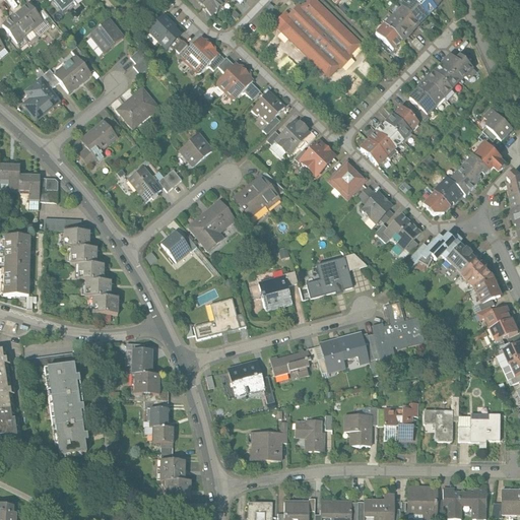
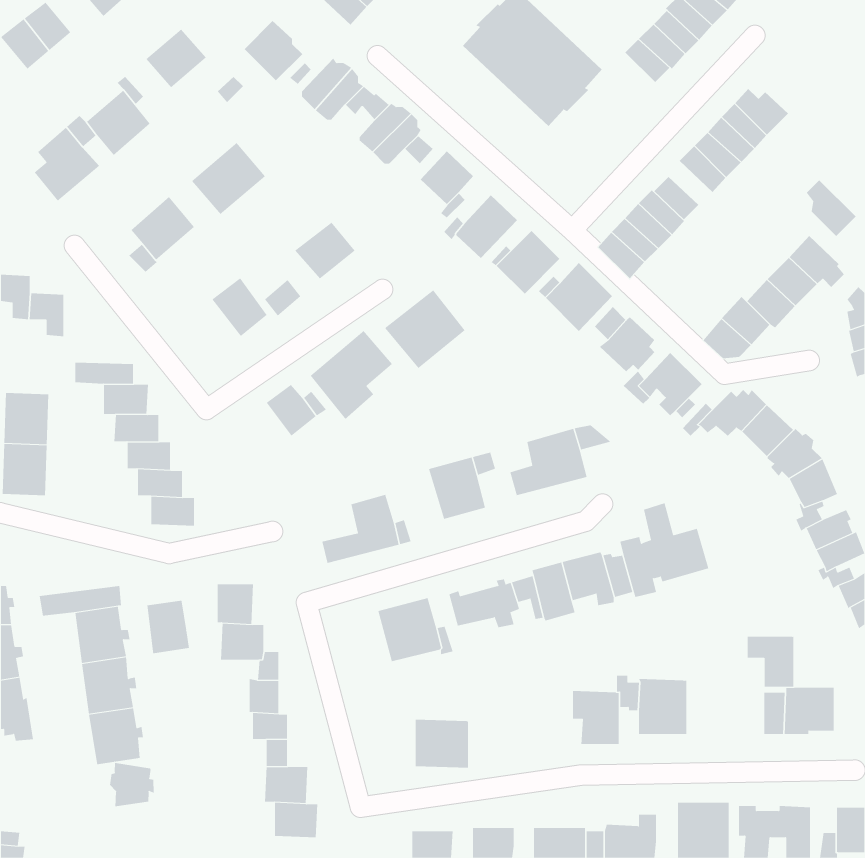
building: [39,177,58,202] -> none
building: none -> [147,600,189,654]
building: [424,410,452,441] -> [747,636,794,687]
building: [295,420,325,452] -> none
building: none -> [110,762,154,807]

